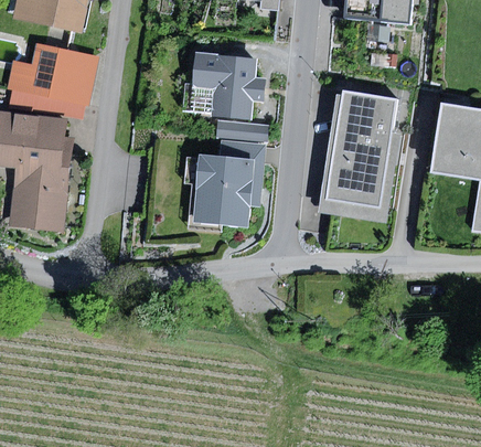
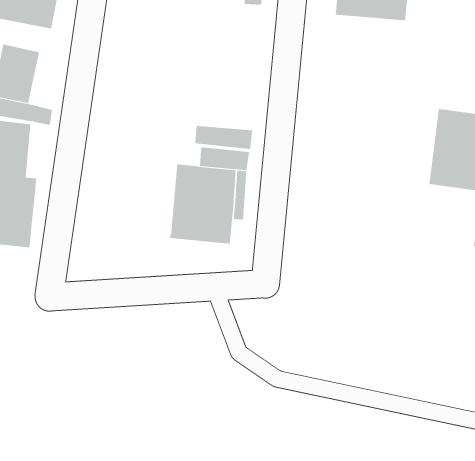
building: [62,52,97,105] -> none
building: [191,52,266,120] -> none
building: [325,92,394,206] -> none

